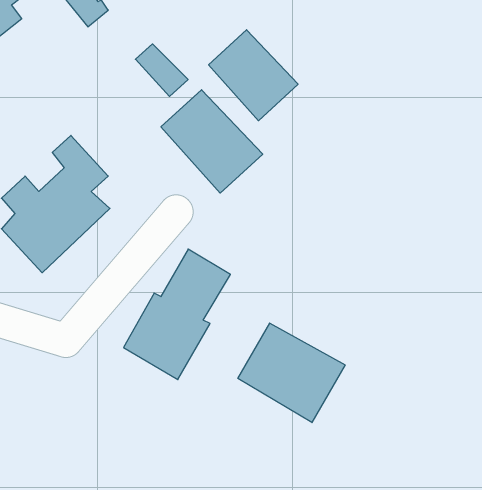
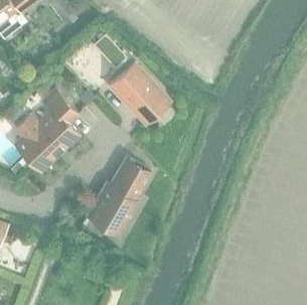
building: [209,30,298,121] -> none
building: [238,323,345,423] -> none

